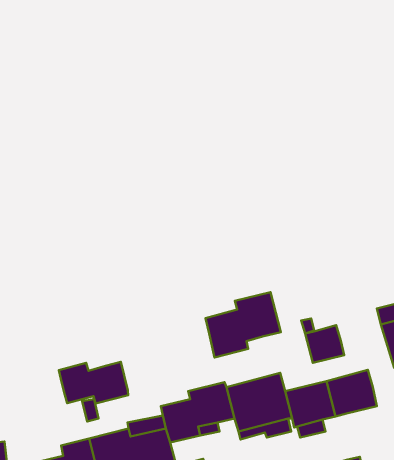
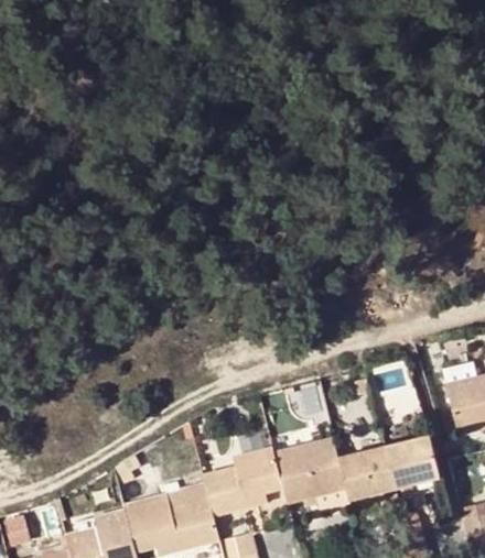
building: [206,292,281,358] -> none
building: [305,325,344,363] -> none
building: [59,362,128,404] -> none

